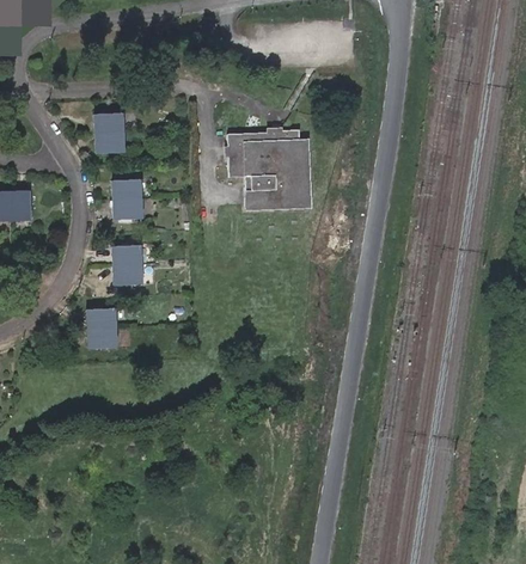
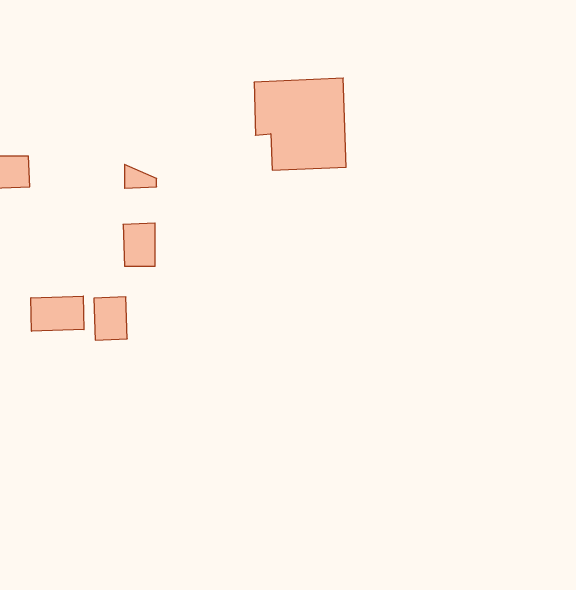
building: [93,117,122,155] -> none
building: [114,179,142,210] -> none
building: none -> [31,296,84,331]

